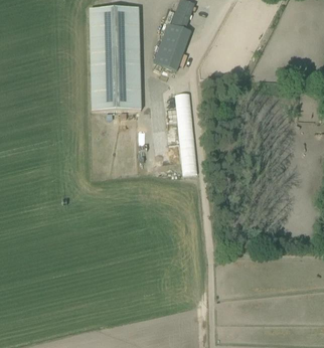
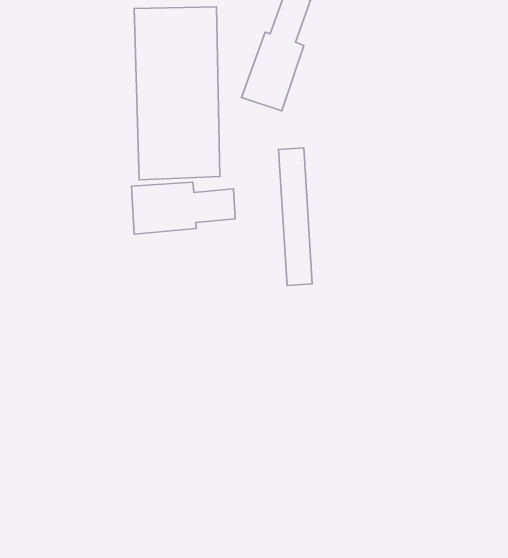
building: none -> [131,182,235,234]

